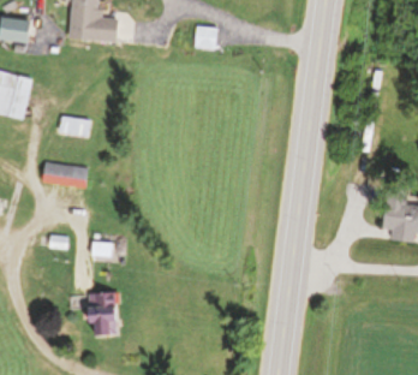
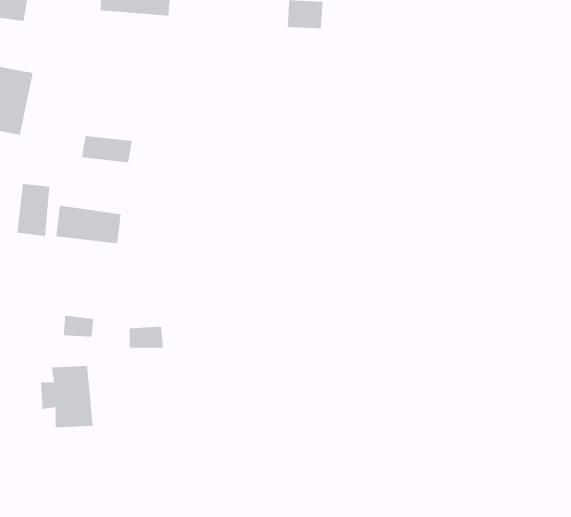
building: none -> [17,183,50,237]
building: [86,293,121,334] -> [40,365,93,428]

